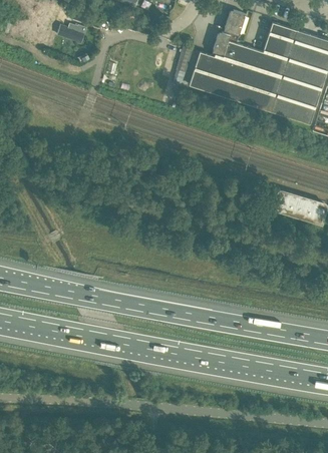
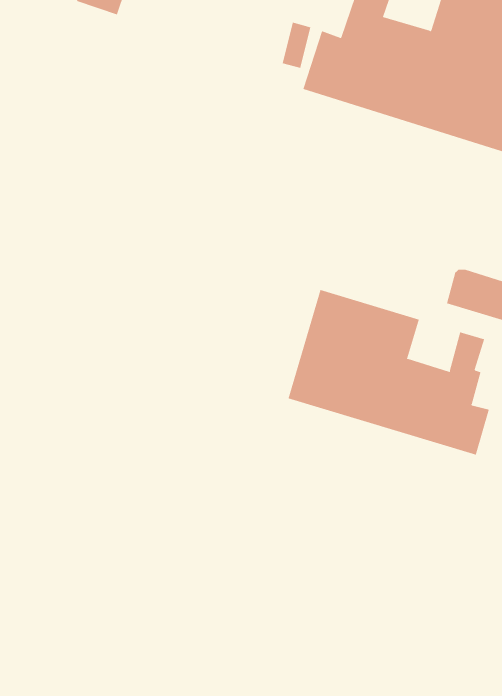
building: none -> [288,289,490,455]

